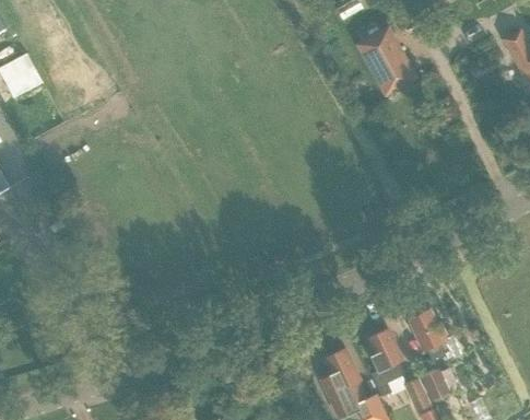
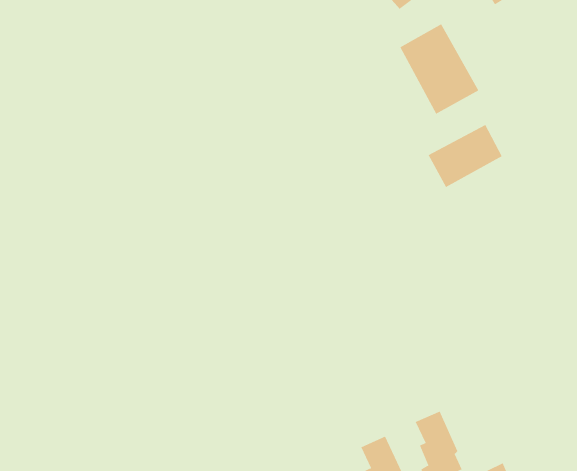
building: none -> [428,124,502,188]
building: [409,310,461,361] -> none

